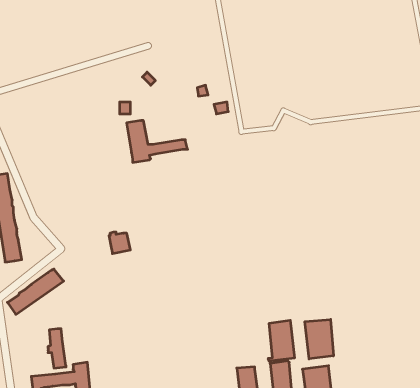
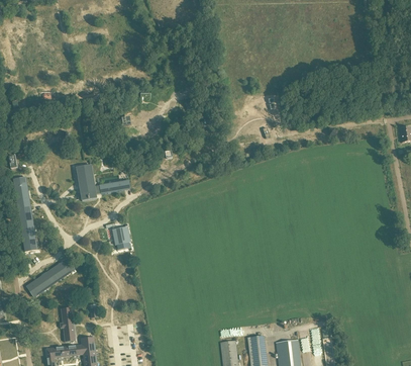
building: [127,121,188,162] -> [77,165,128,200]
building: [305,319,333,359] -> none
building: [268,320,294,361] -> none

